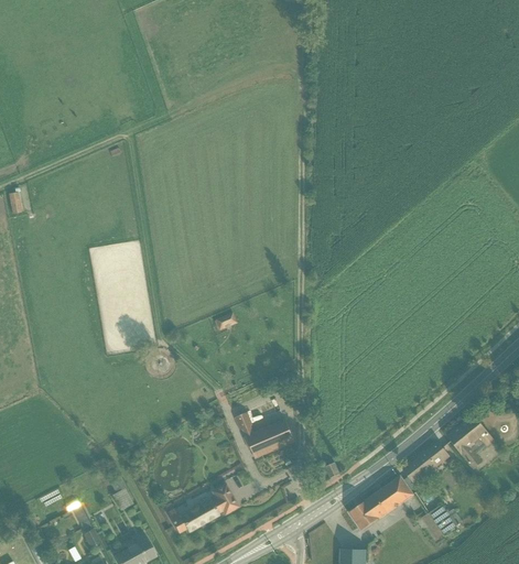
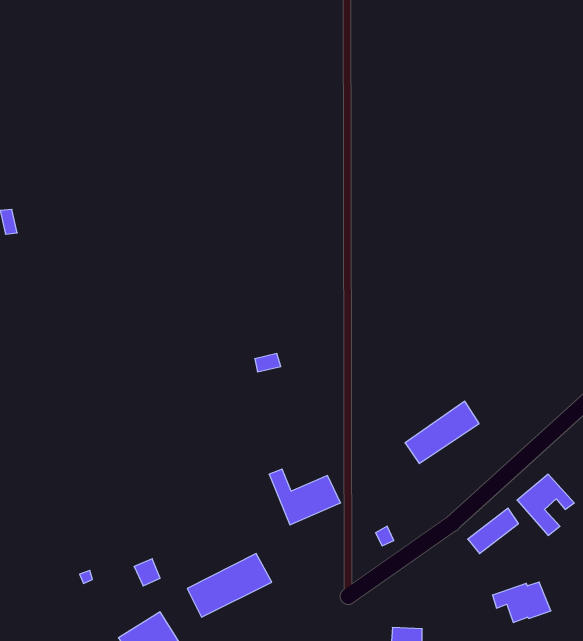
building: [348,477,411,530] -> [405,401,479,464]

